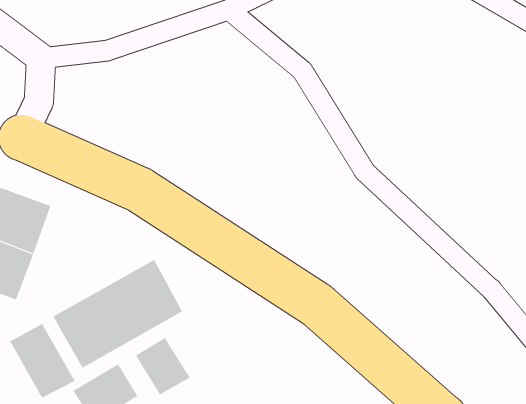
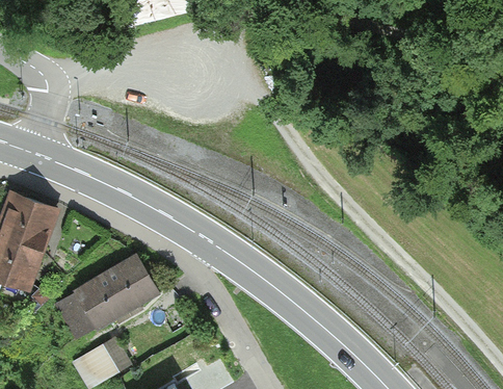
building: [10,323,76,399] -> none
building: [135,337,190,395] -> none

